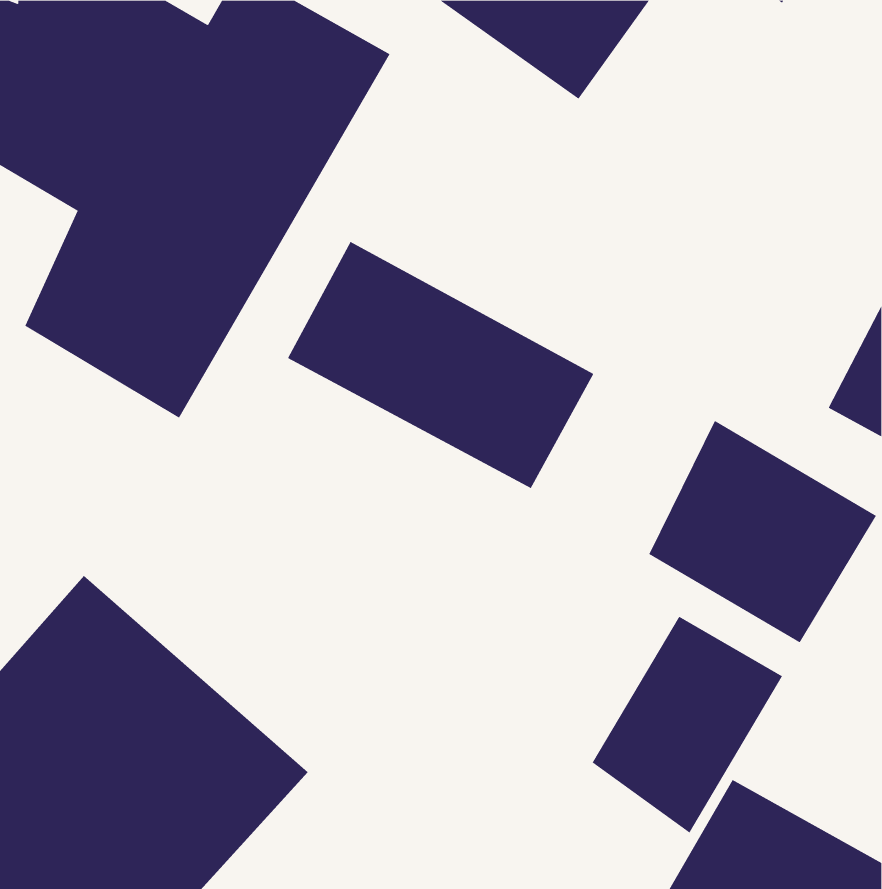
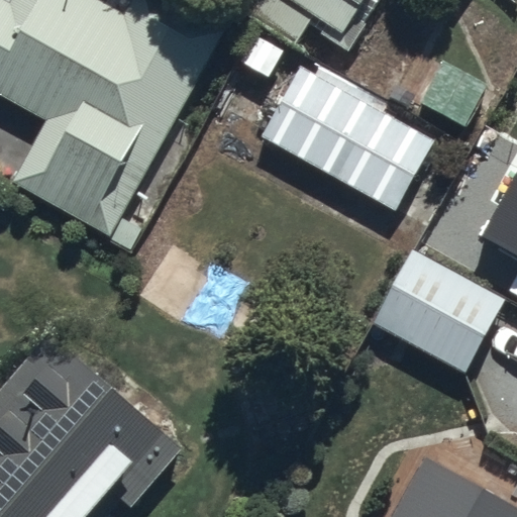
building: [287,241,594,489] -> [258,65,436,208]
building: [592,616,783,833] -> none

